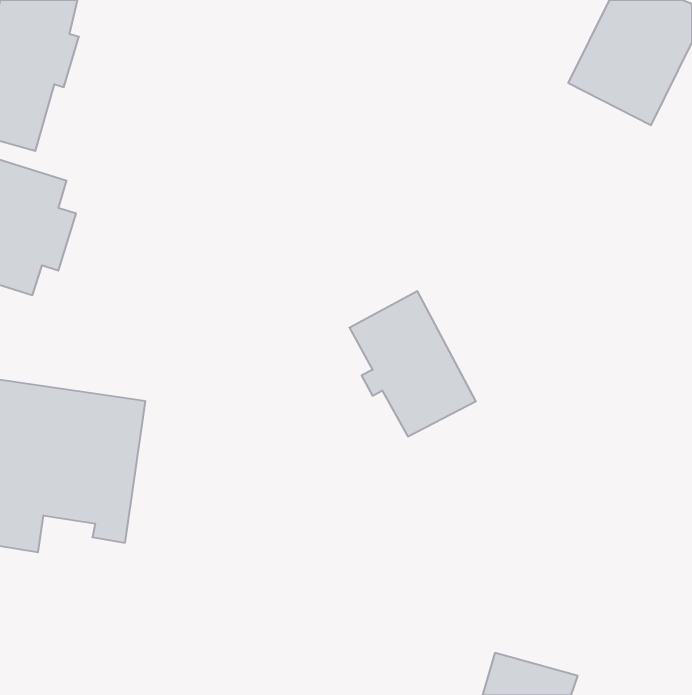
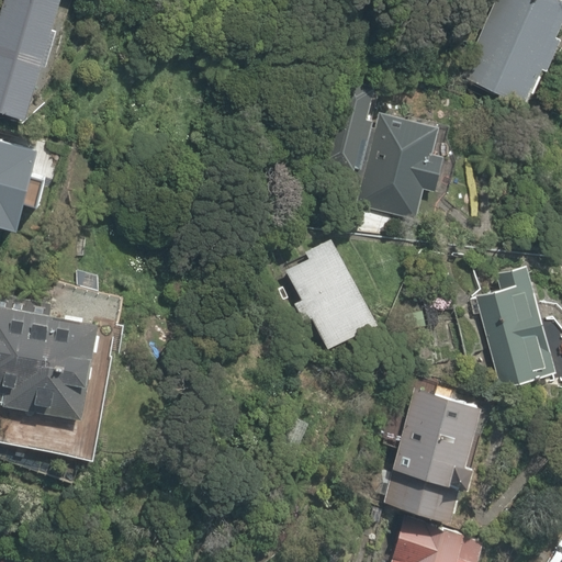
building: none -> [324,86,445,211]
building: none -> [473,288,553,385]
building: none -> [383,393,480,520]

